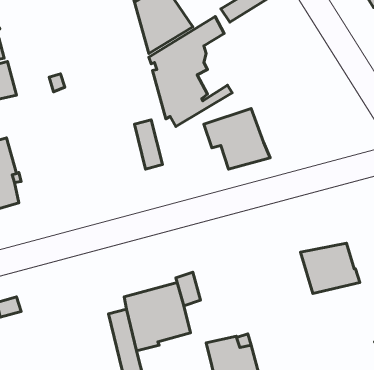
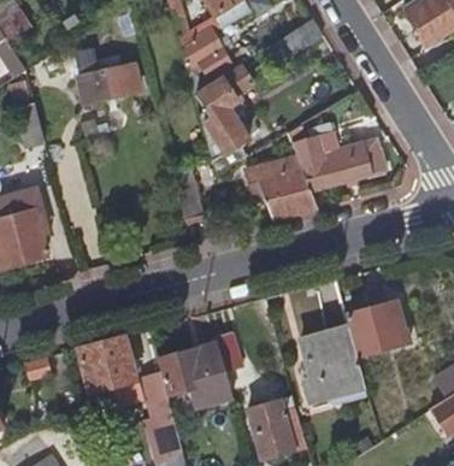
building: none -> [75,48,141,102]
building: none -> [291,132,383,191]
building: none -> [302,324,365,396]
building: none -> [79,332,141,405]

